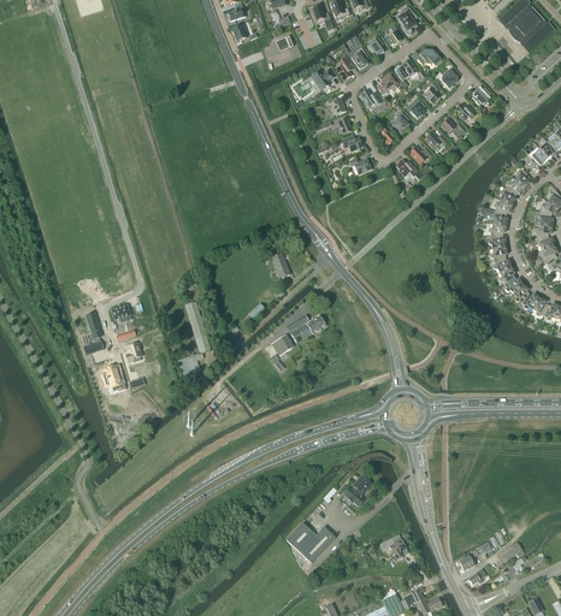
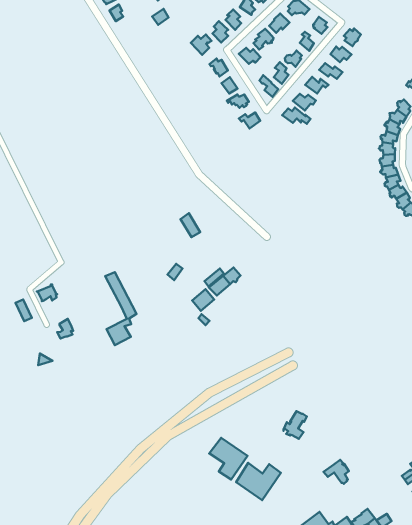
building: none -> [209,438,247,480]

